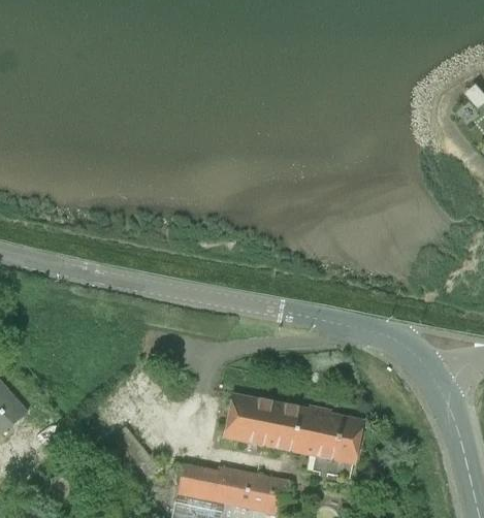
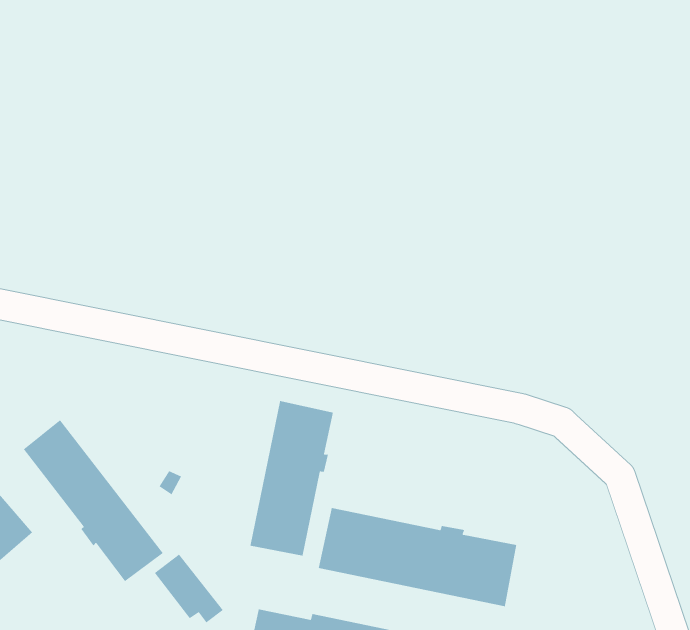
building: none -> [249,400,334,557]
building: none -> [23,419,164,582]

